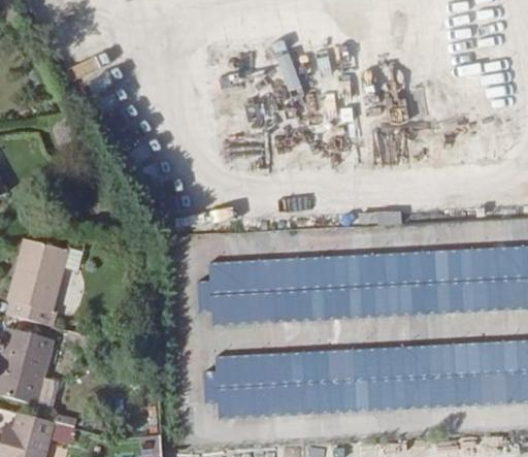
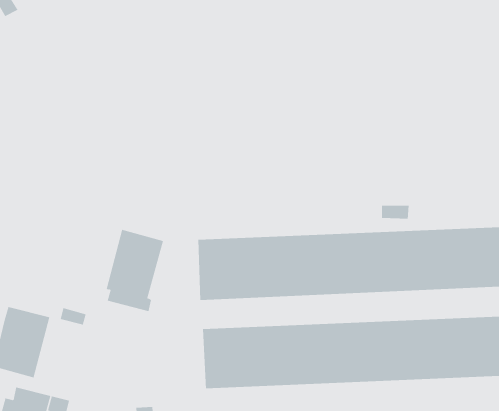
building: [9,239,70,326] -> [106,229,164,312]

